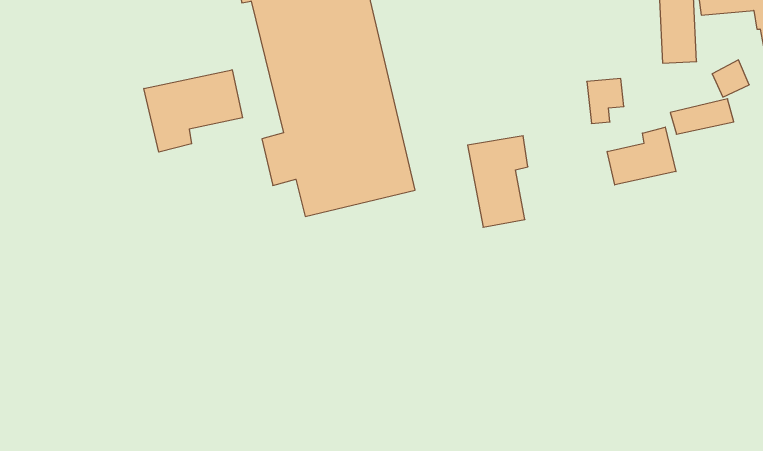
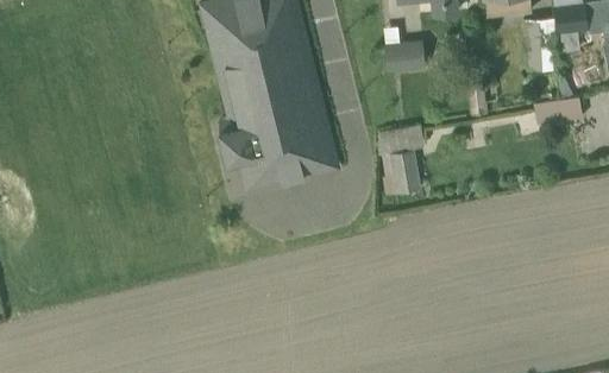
building: none -> [385,29,426,71]
building: [144,70,243,152] -> none
building: [607,127,676,185] -> none

